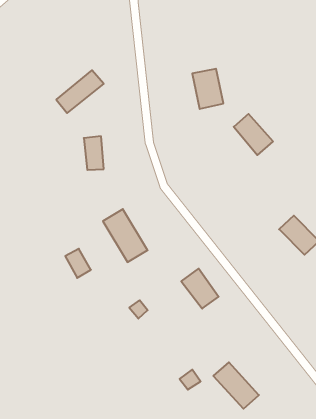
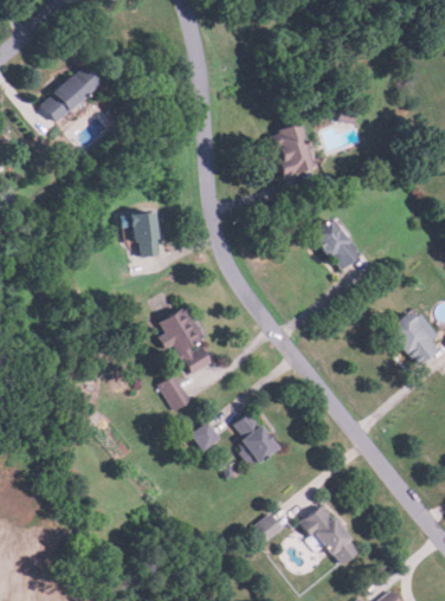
building: [56,70,104,113] -> [39,66,101,122]
building: [234,114,273,155] -> [310,218,361,271]
building: [65,249,91,278] -> [160,374,193,412]
building: [181,269,219,309] -> [228,412,277,464]

